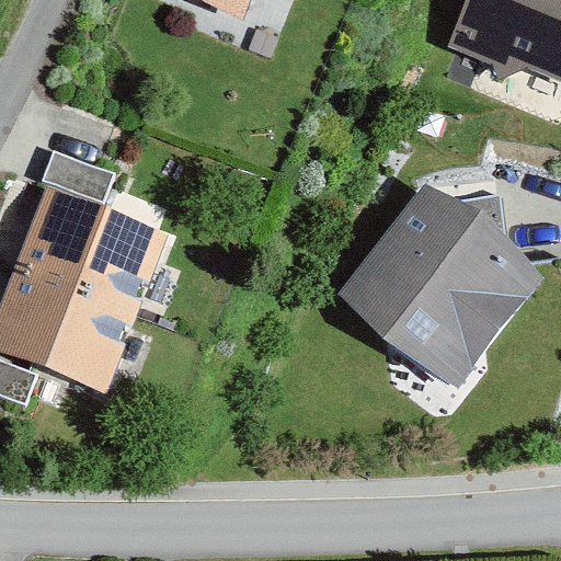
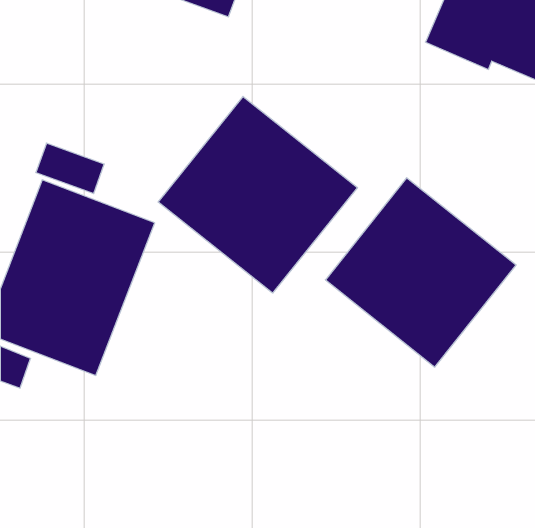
building: none -> [158,96,357,293]

